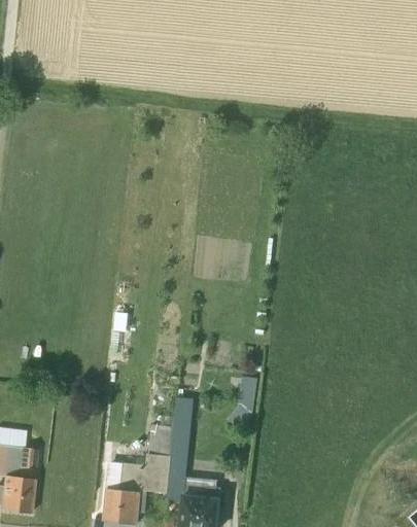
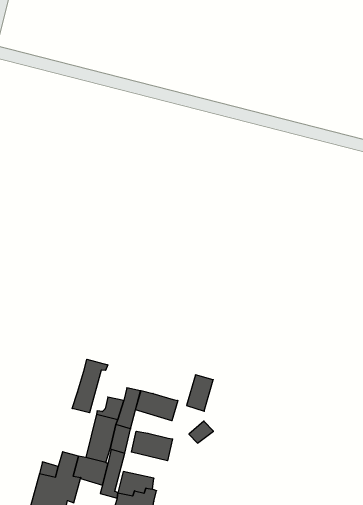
building: none -> [72,359,108,413]
building: none -> [136,391,178,421]
building: none -> [131,431,173,461]

